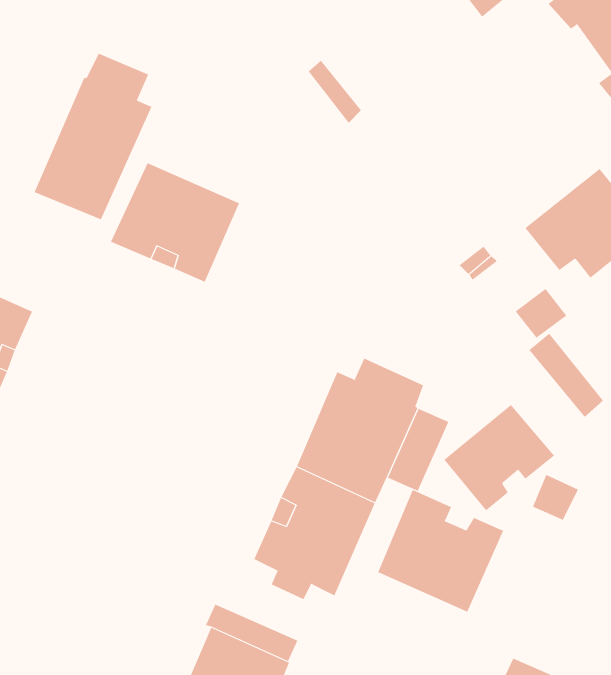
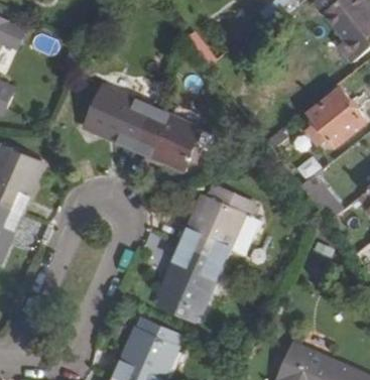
building: [34,53,152,220] -> none
building: none -> [133,108,201,170]
building: [443,404,555,511] -> none
building: [377,489,504,613] -> none

